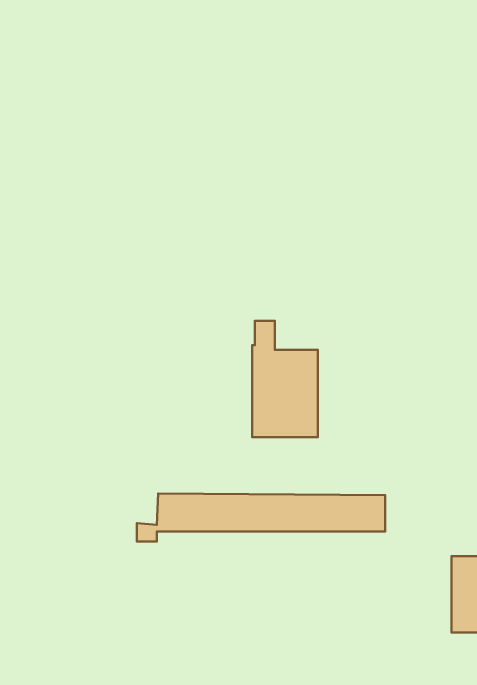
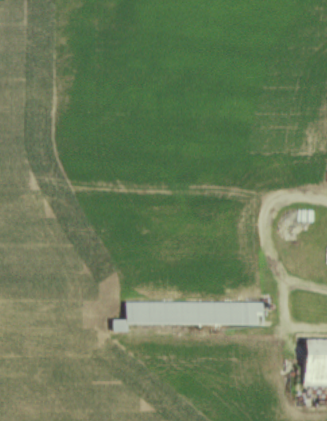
building: [252,321,318,437] -> none

